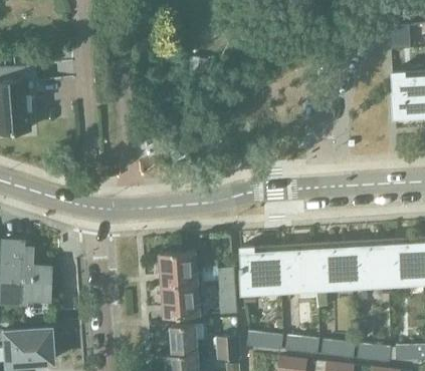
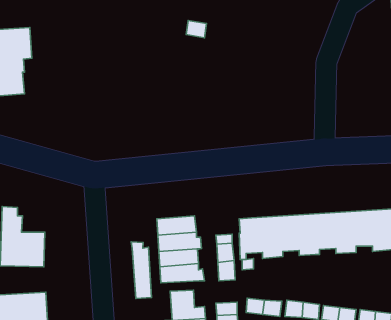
building: none -> [131,242,152,298]

